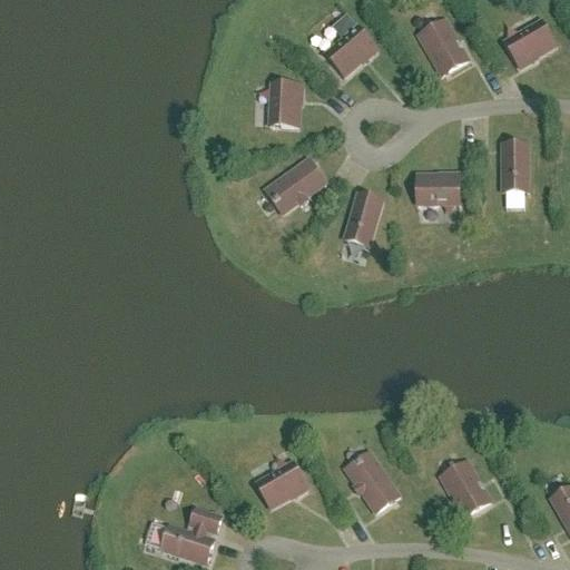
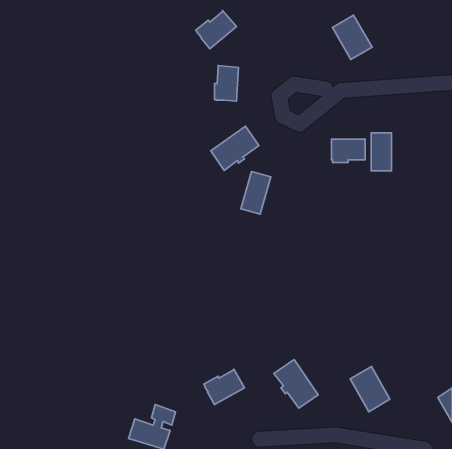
building: [505,22,556,67] -> none
building: [325,28,376,76] -> [196,11,237,49]
building: [502,144,528,191] -> [371,133,392,171]
building: [344,193,382,246] -> [241,171,271,214]

